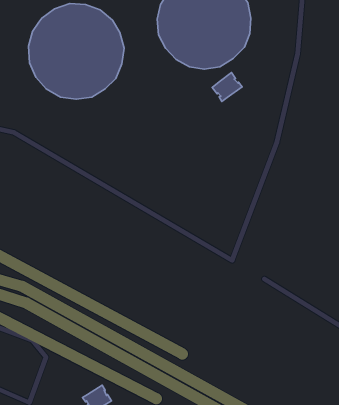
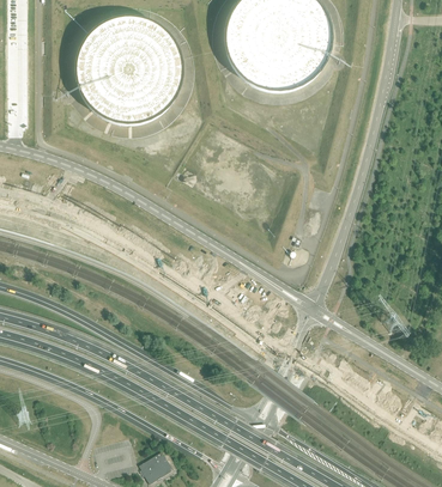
building: [212,73,242,101] -> none

